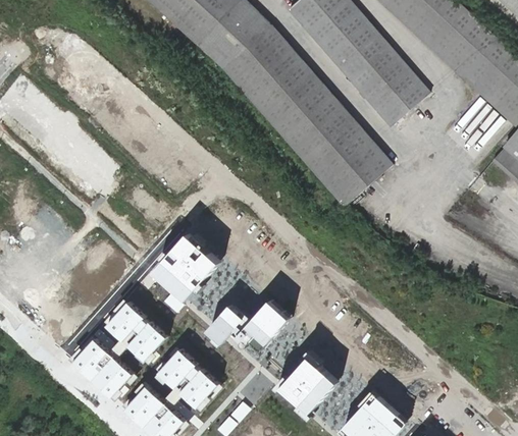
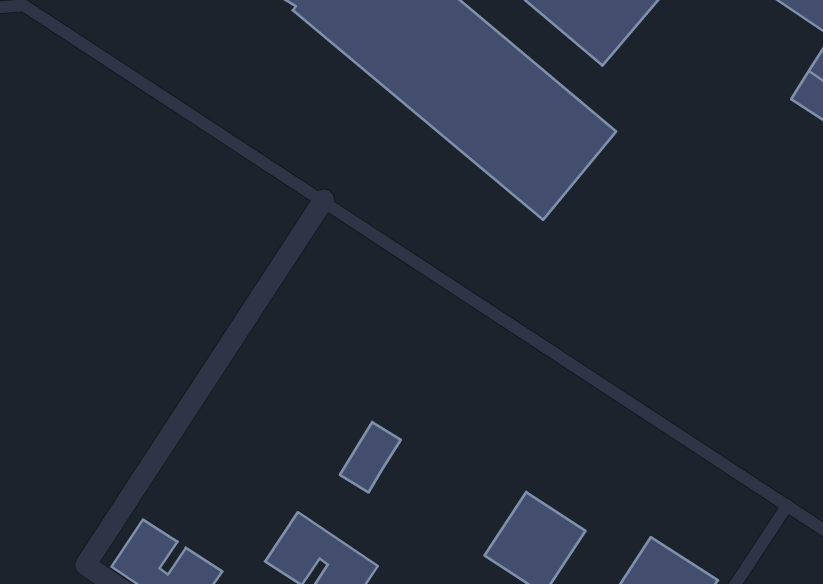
building: [153,232,221,301] -> none
building: [232,298,292,343] -> none
building: [105,302,167,360] -> none

